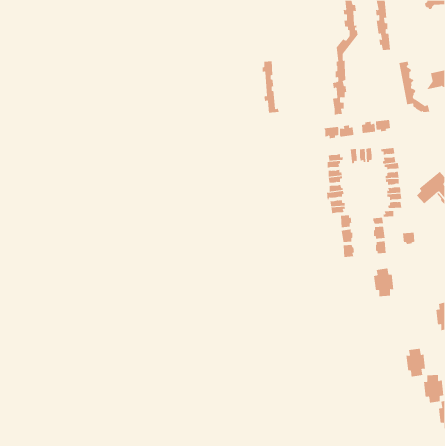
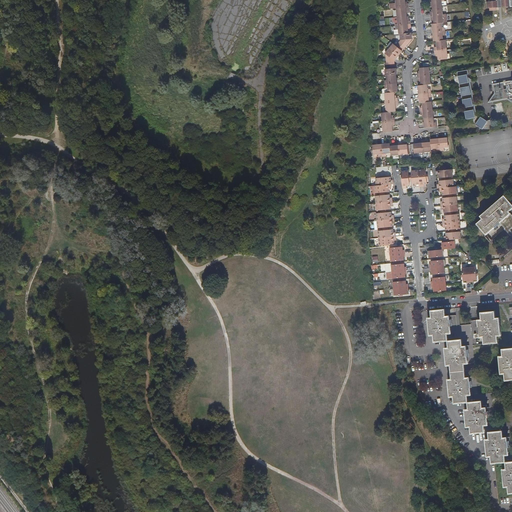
building: [262,61,279,113] -> [417,68,437,128]
building: none -> [477,309,500,342]
building: none -> [444,338,470,402]

